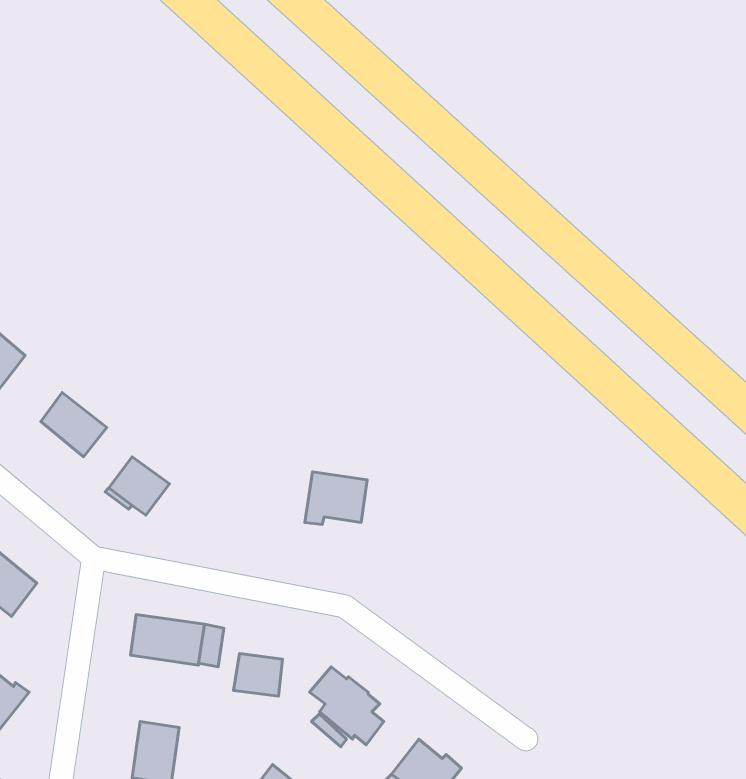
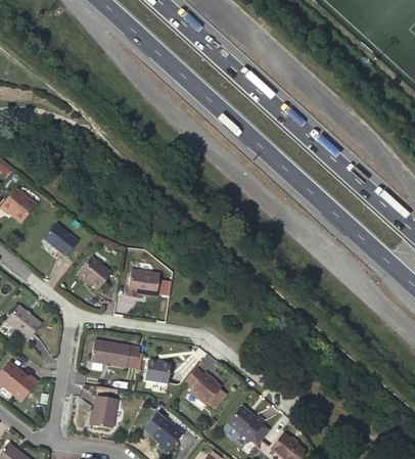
building: [305,472,367,524] -> [127,269,159,296]

